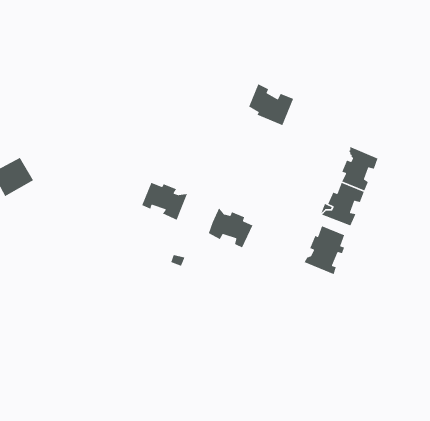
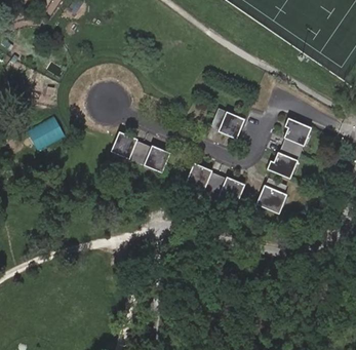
building: [248,83,294,126] -> [212,107,246,139]
building: none -> [111,130,144,161]
building: none -> [211,176,246,203]

